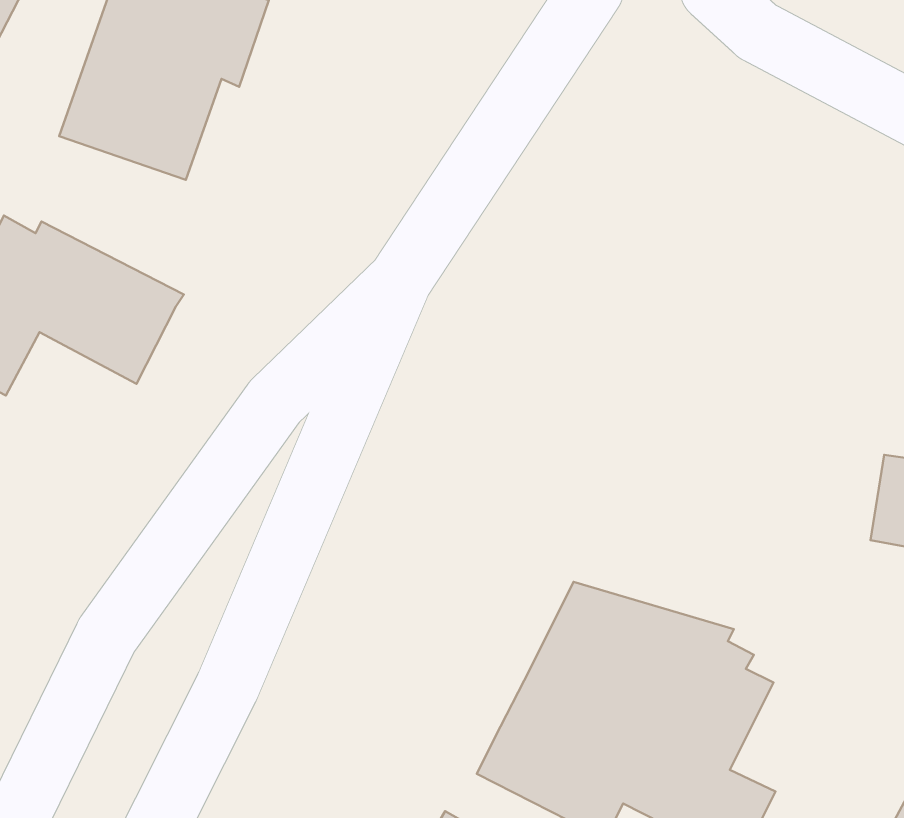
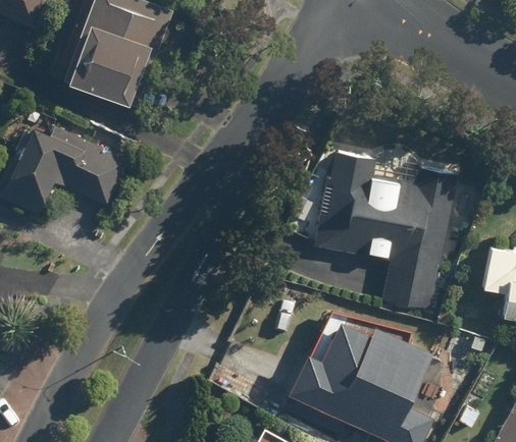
building: none -> [294,150,456,313]

